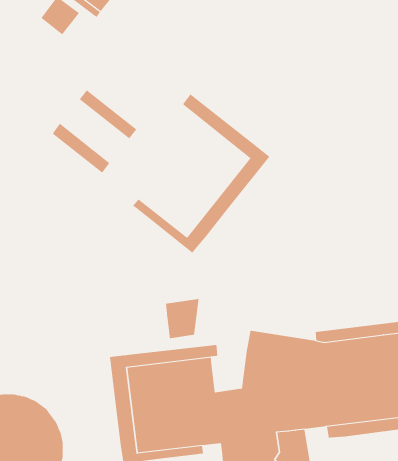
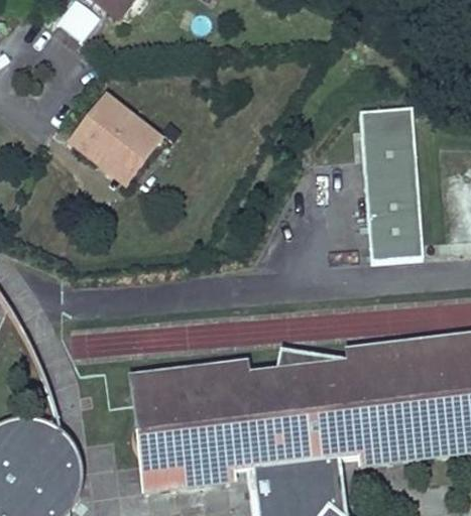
building: [132,94,270,254] -> none
building: none -> [79,107,152,174]
building: none -> [358,114,423,265]
building: [165,299,200,339] -> [239,374,275,416]

